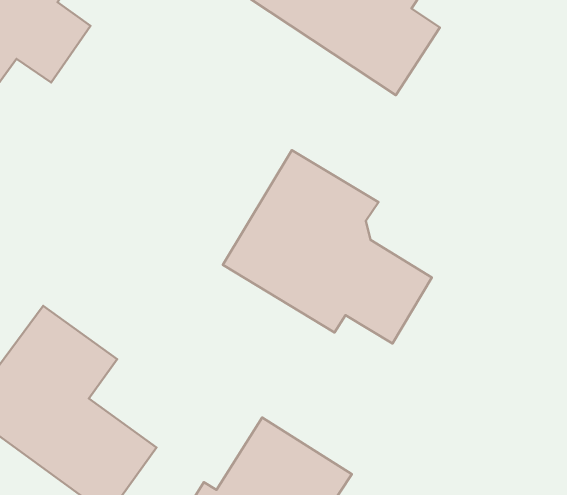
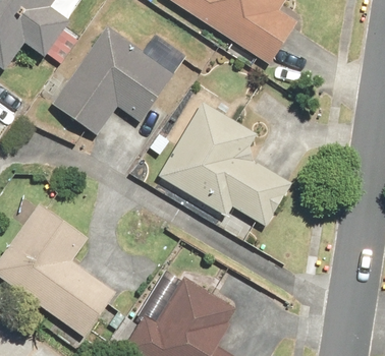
building: none -> [49,25,174,137]

